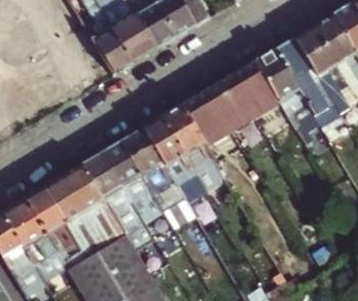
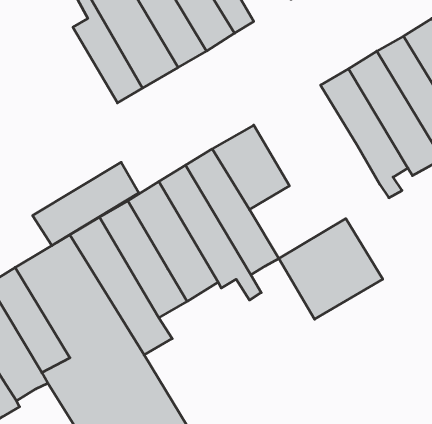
building: [209,61,281,130] -> [279,219,383,319]
building: none -> [33,162,139,246]

